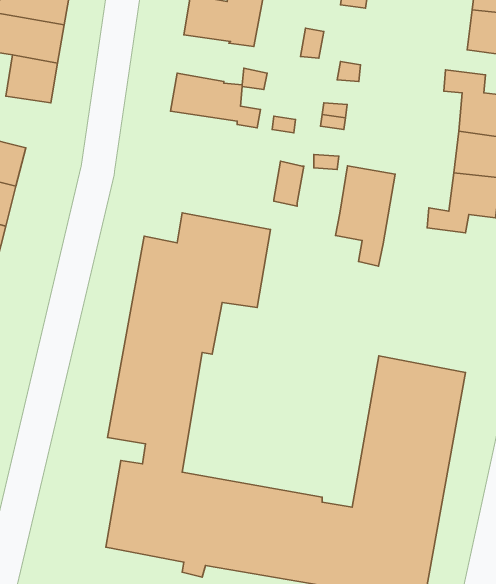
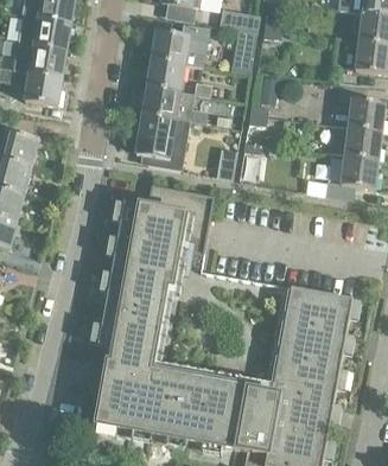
building: none -> [147,58,185,91]
building: none -> [136,113,190,170]
building: [336,166,395,266] -> none

